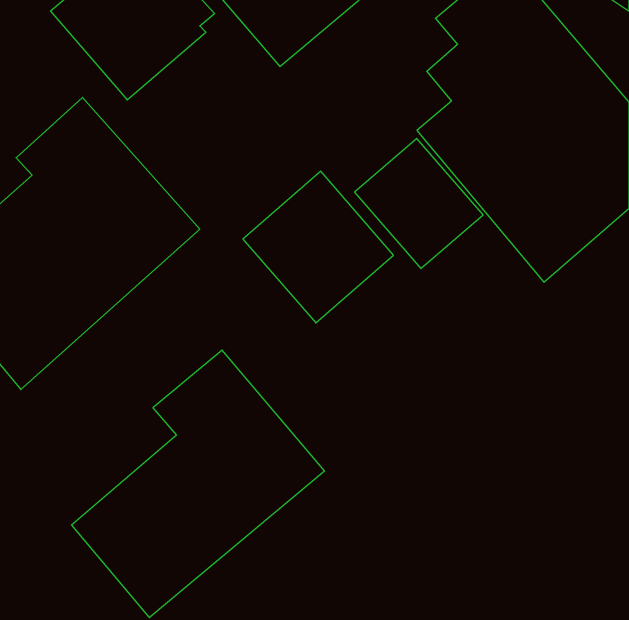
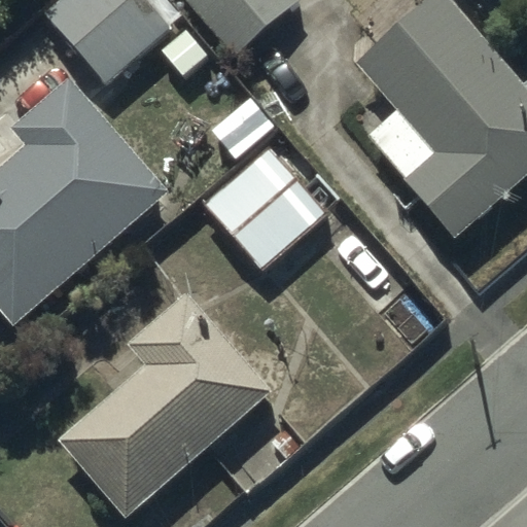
building: [355,138,483,269] -> none

